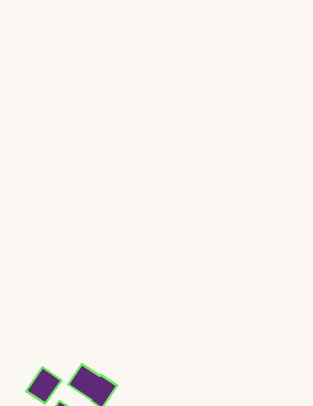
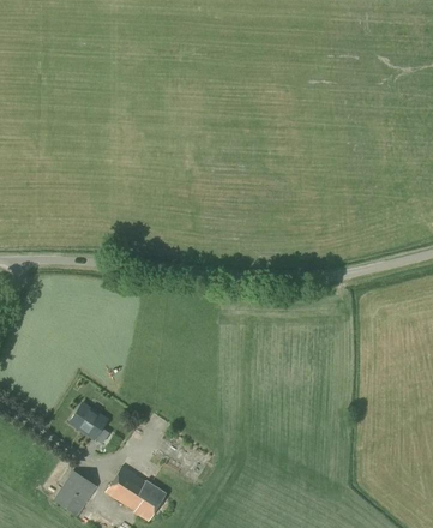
building: none -> [71,404,108,438]

